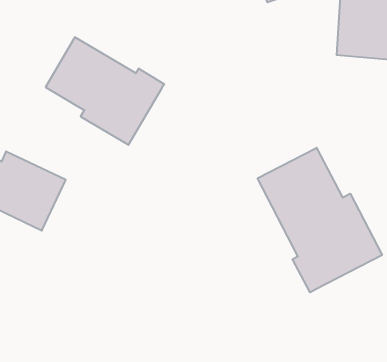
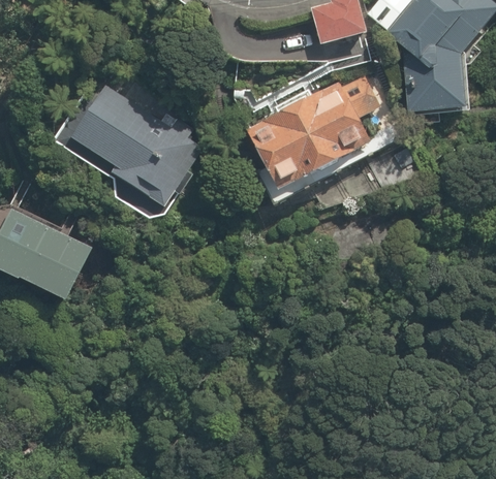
building: none -> [244,70,377,186]
building: [258,148,382,292] -> none

